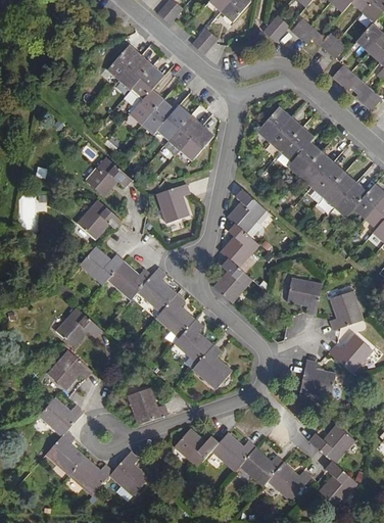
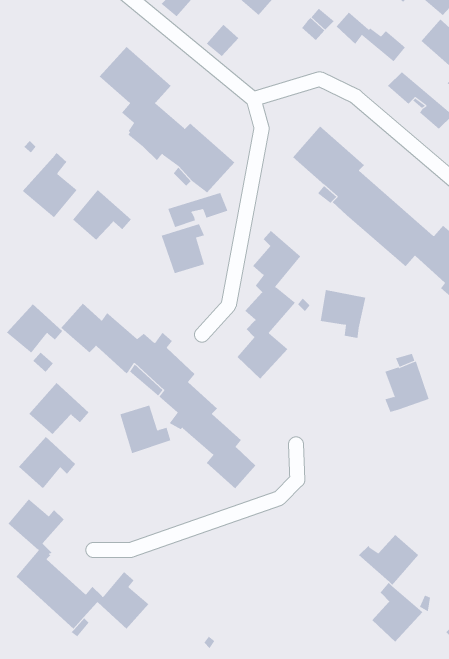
building: none -> [22,152,78,218]
building: none -> [167,192,228,228]
building: [77,199,121,238] -> [6,303,63,354]
building: [287,277,323,315] -> [320,289,366,338]
building: [328,332,373,374] -> none
building: [301,360,336,396] -> none
building: [128,385,167,423] -> [119,405,171,454]
building: [172,429,309,503] -> none

